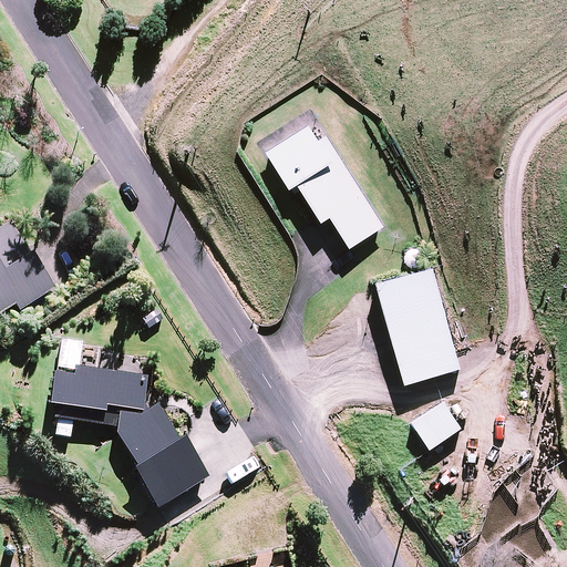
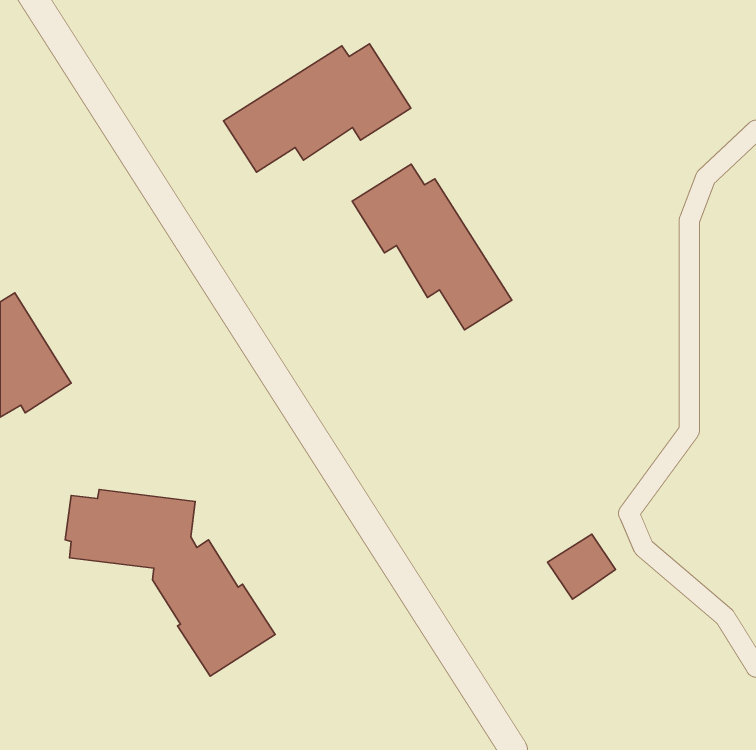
building: none -> [223,44,411,172]
building: [375,267,460,382] -> none

